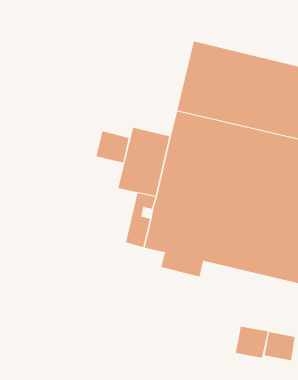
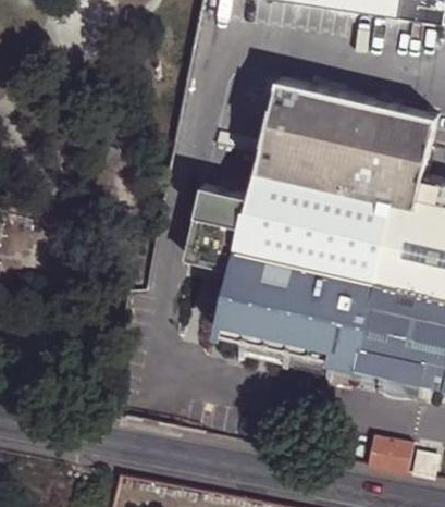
building: [96,130,129,163] -> none
building: [235,326,268,359] -> none

